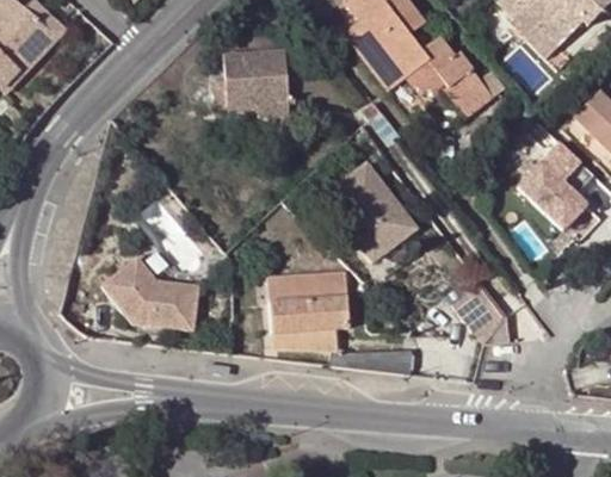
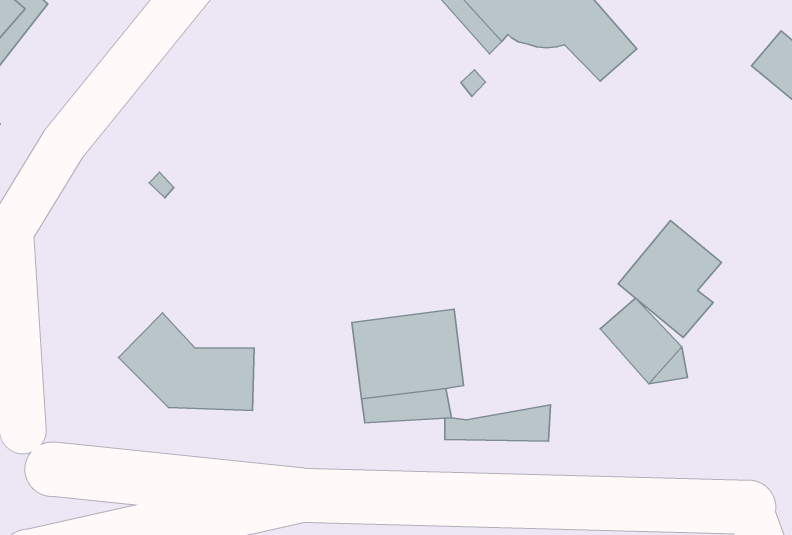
building: [214,47,286,110] -> none
building: [519,138,595,224] -> [618,221,721,338]
building: [325,160,415,255] -> none

